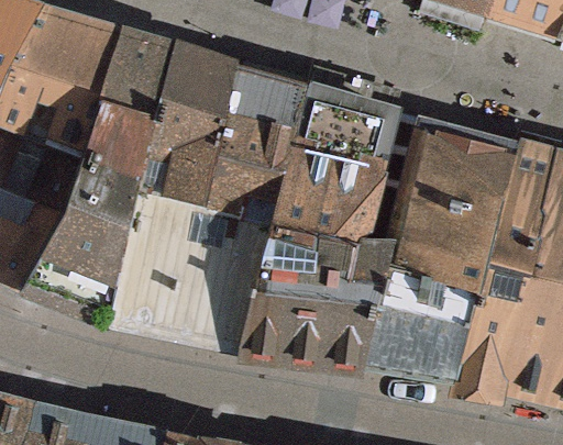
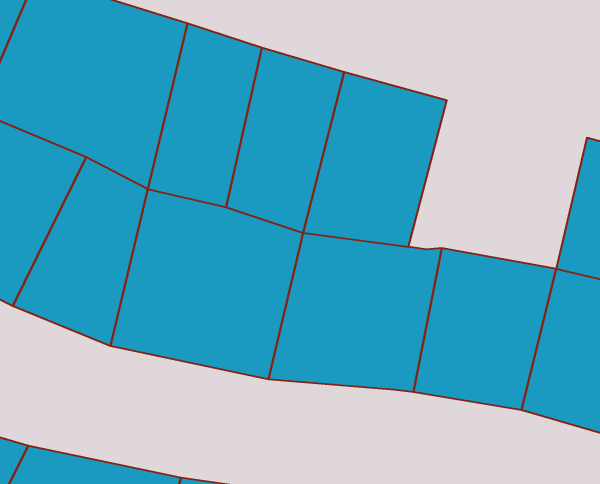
building: [391,118,516,255] -> none

